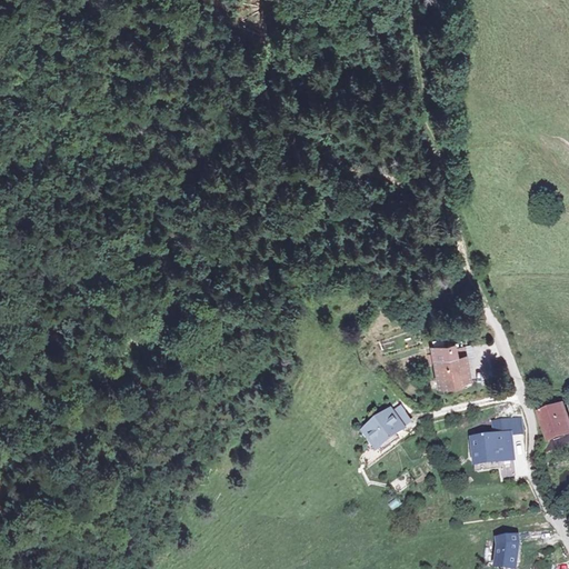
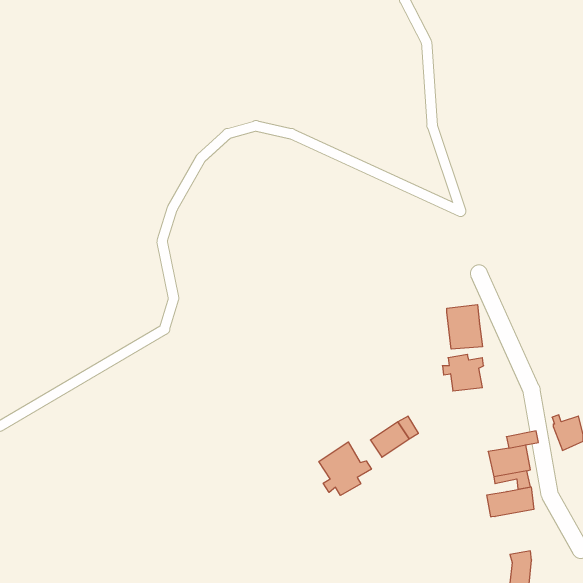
building: none -> [447,305,482,349]
building: none -> [319,442,371,495]
building: none -> [487,487,534,517]

